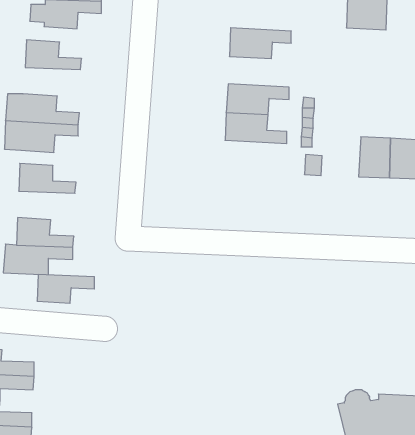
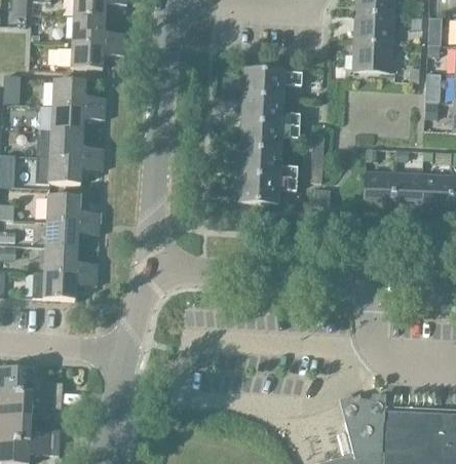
building: none -> [242,95,300,124]
building: none -> [51,106,105,132]
building: none -> [238,173,297,203]
building: [37,275,94,303] -> [46,221,100,247]

